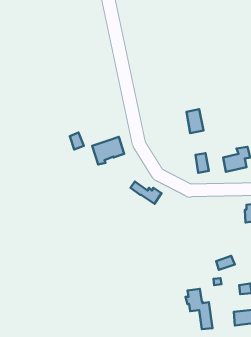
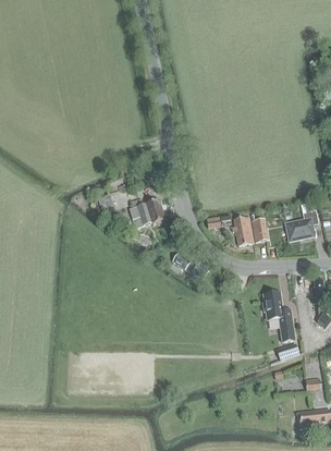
building: [187,109,203,133] -> [233,216,254,245]
building: [186,289,212,329] -> [261,292,294,341]

